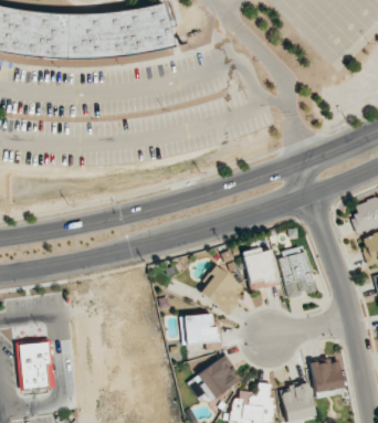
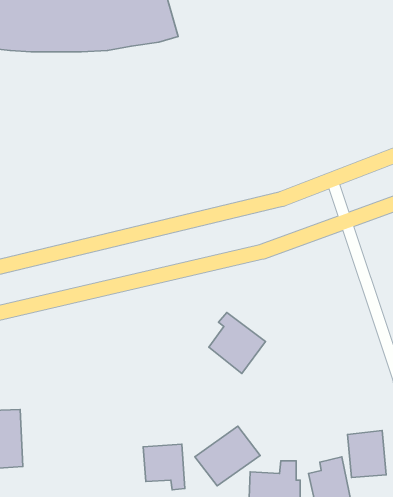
building: [276,245,317,299] -> none
building: [242,247,279,290] -> none
building: [183,314,217,350] -> [143,444,185,490]

